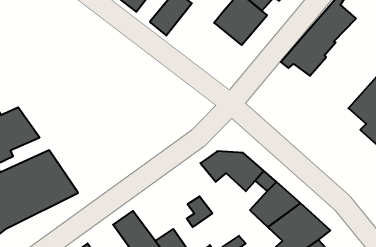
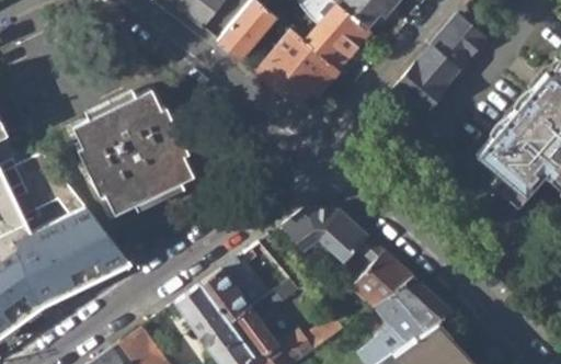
building: none -> [257,33,337,105]
building: none -> [71,91,192,216]
building: none -> [198,258,251,323]

